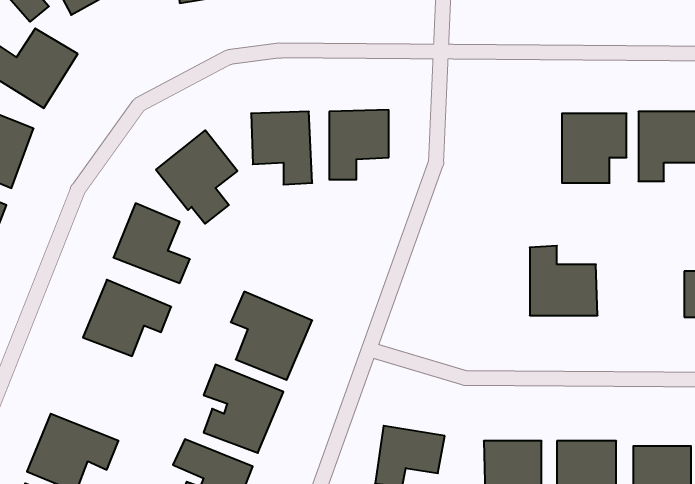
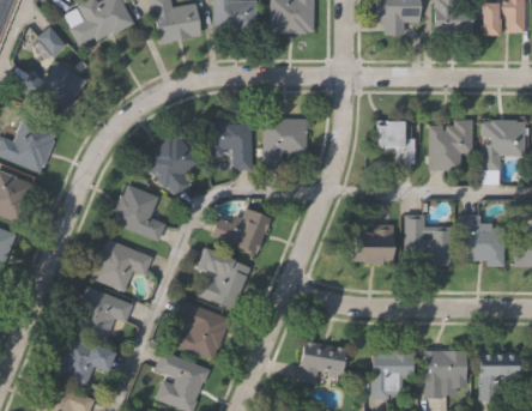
building: none -> [377,120,415,163]
building: none -> [211,208,272,254]
building: none -> [463,214,504,265]
building: none -> [353,224,394,262]
building: none -> [72,286,134,339]

